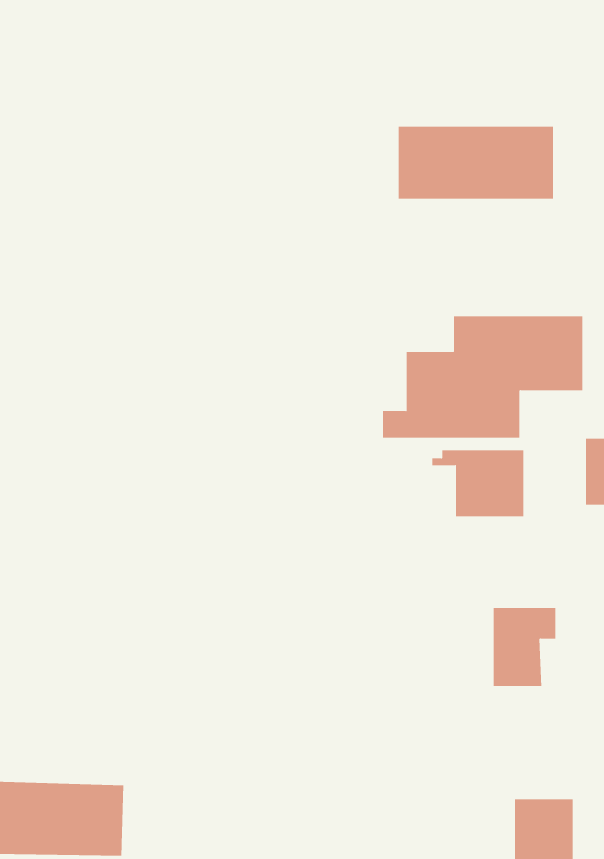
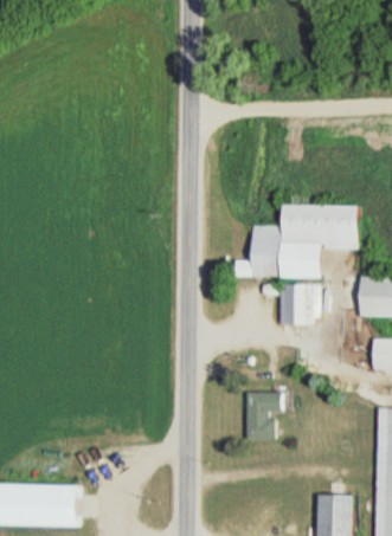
building: [398,126,554,200] -> none
building: [493,608,556,686] -> [248,392,285,439]

